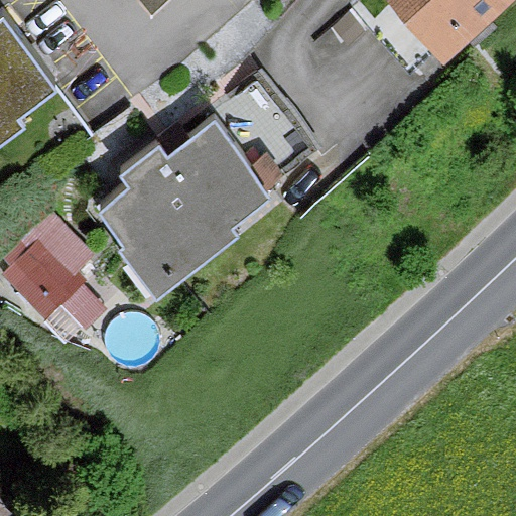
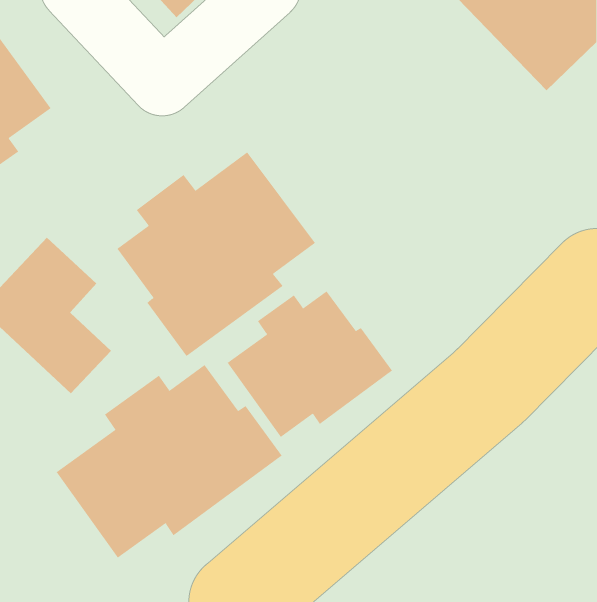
building: none -> [227,290,393,438]
building: none -> [56,364,282,559]

